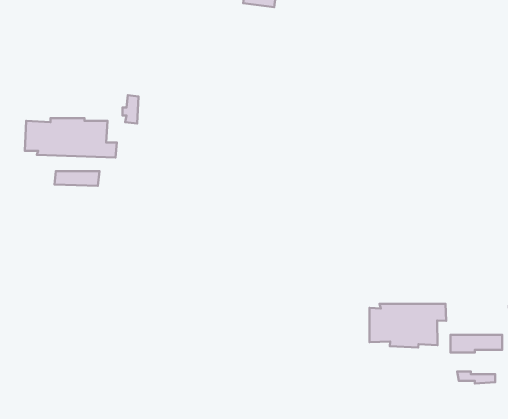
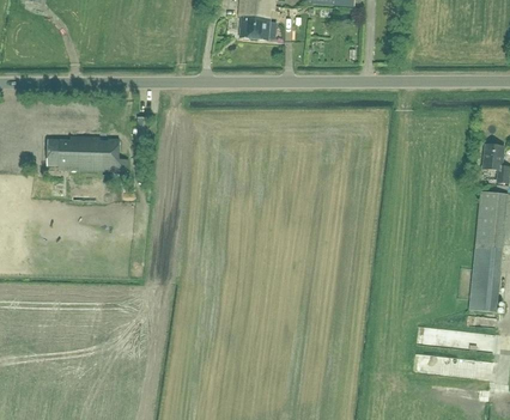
building: [369,304,446,347] -> none

